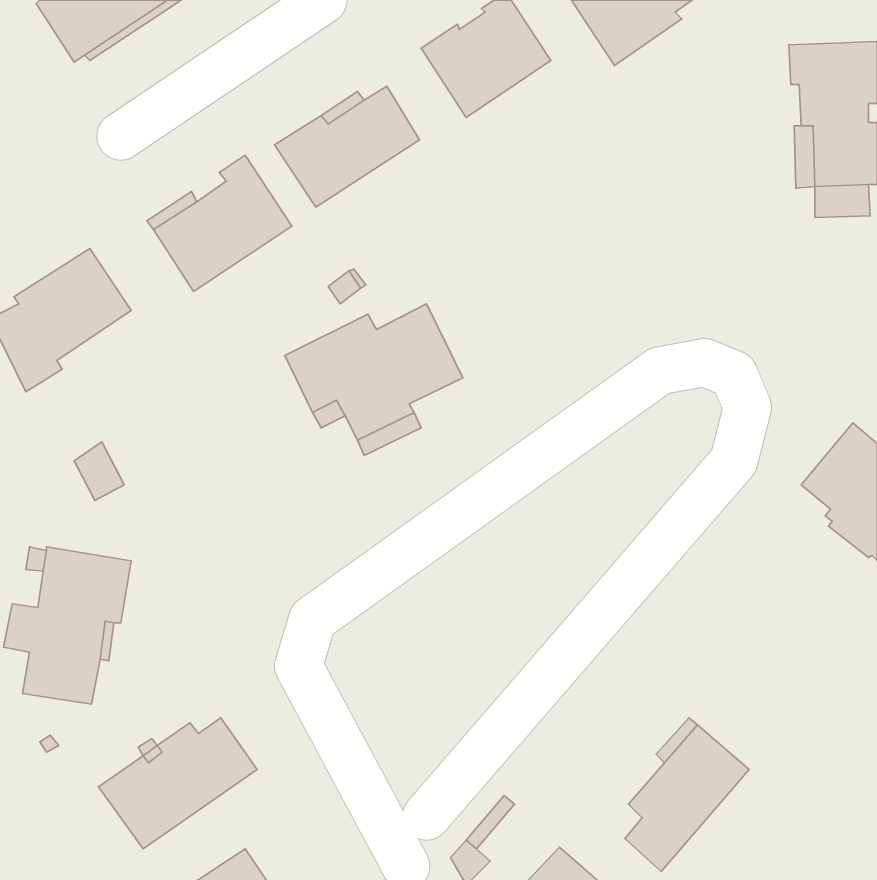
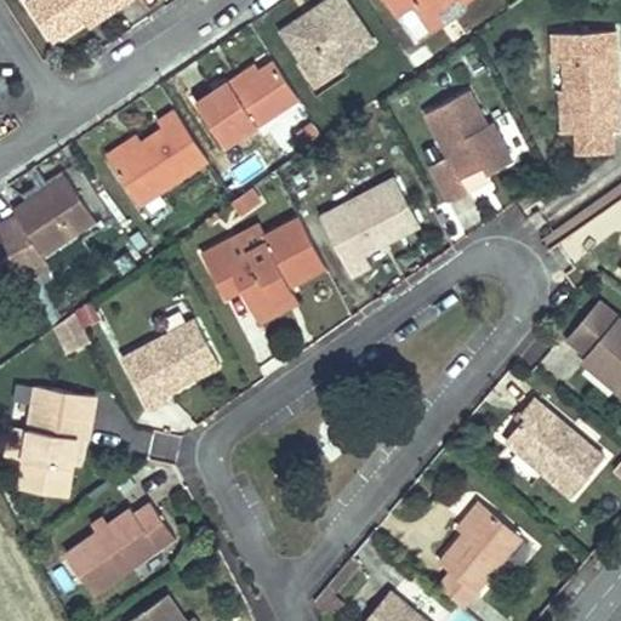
building: none -> [425,90,513,201]
building: none -> [319,175,420,273]
building: none -> [127,323,223,410]
building: none -> [506,398,604,495]

